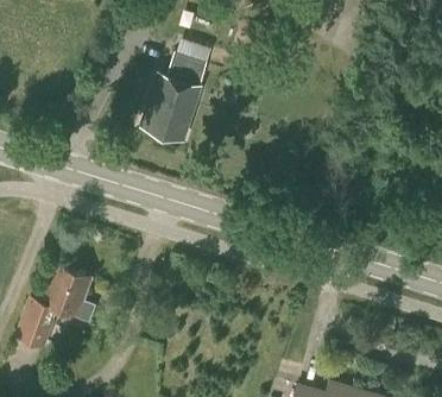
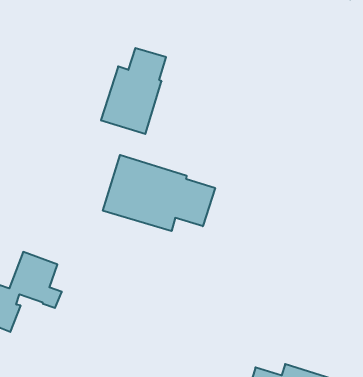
building: none -> [103,155,215,231]

